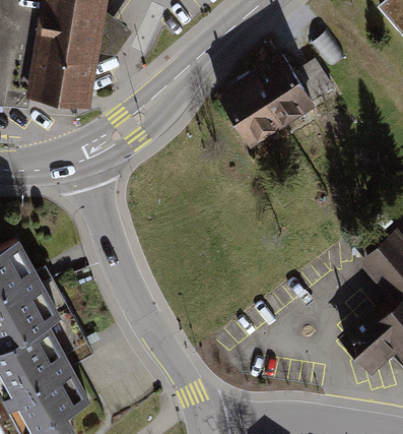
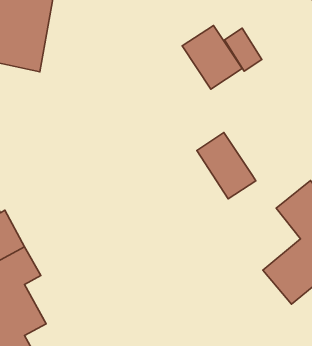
building: [215,82,282,158] -> [197,133,256,199]

